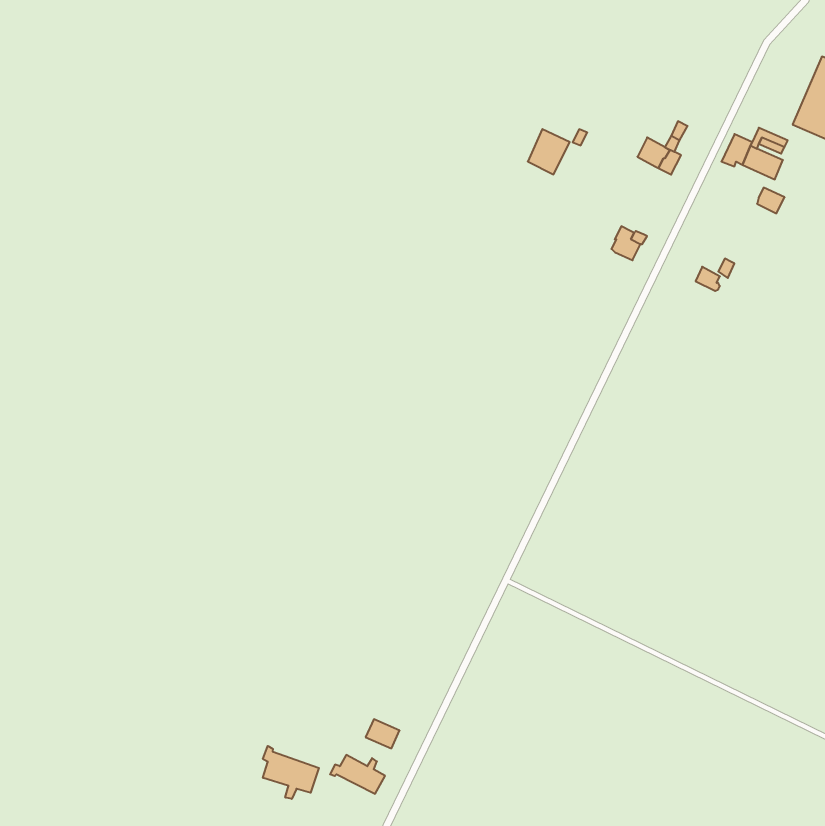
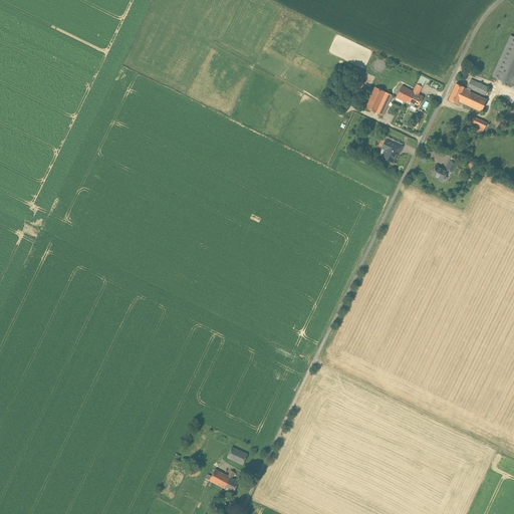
building: [528,129,570,174] -> [366,87,393,115]
building: [263,746,319,799] -> none

